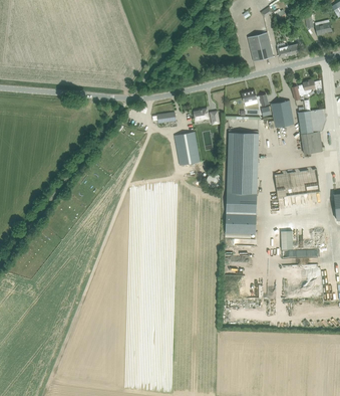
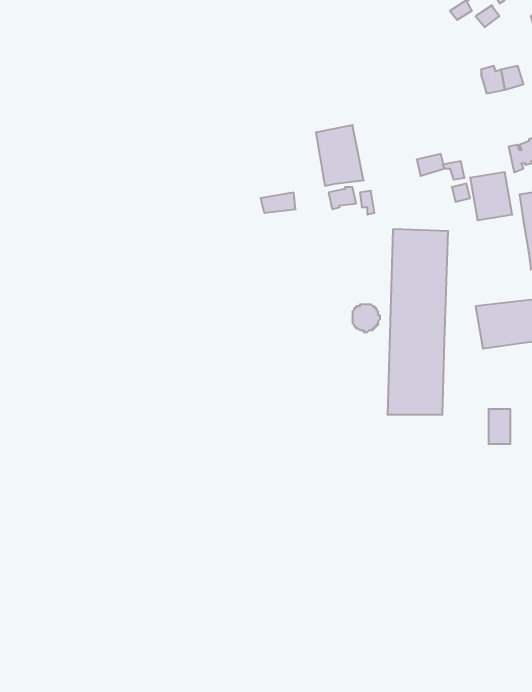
building: [248,32,273,61] -> none
building: [175,132,201,165] -> [316,125,364,186]

